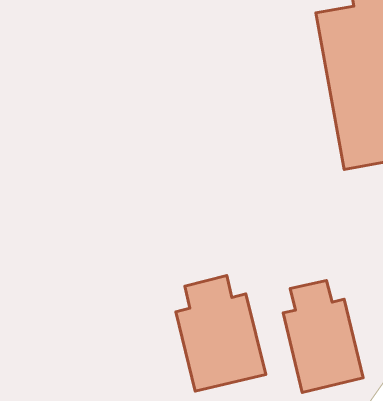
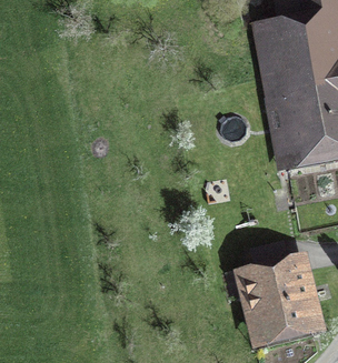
building: [176,275,266,391] -> none

